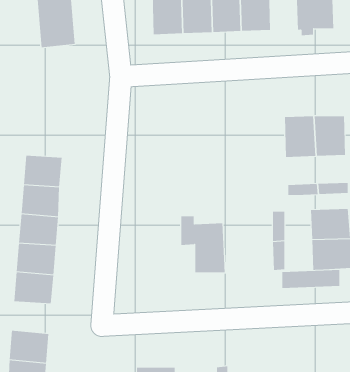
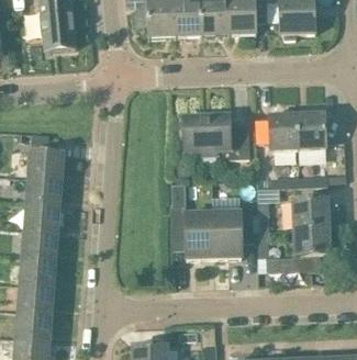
building: none -> [183,116,249,158]
building: none -> [212,203,253,258]
building: none -> [16,284,54,314]

